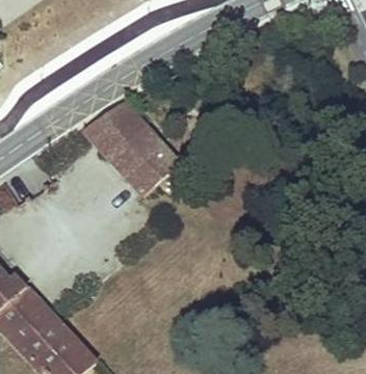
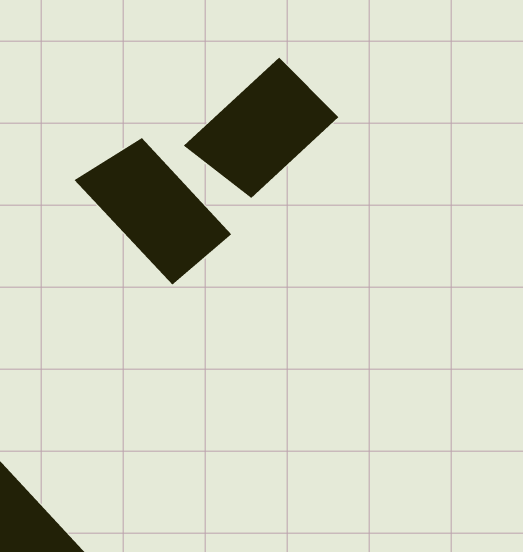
building: none -> [183,57,339,199]

